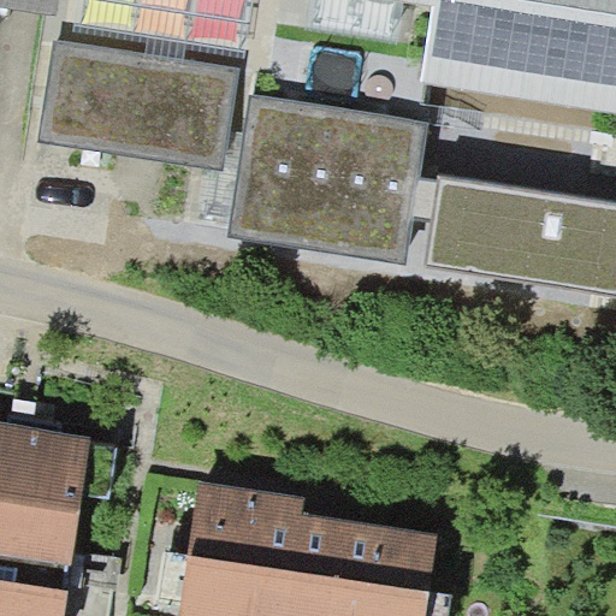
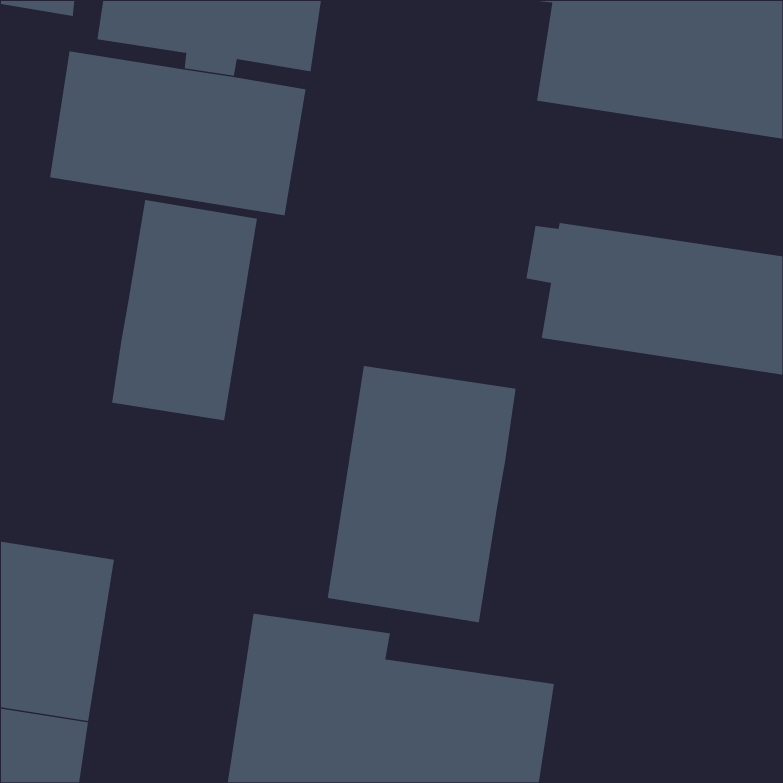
building: [229,94,428,265] -> none
building: none -> [111,199,258,421]
building: none -> [327,365,517,623]

